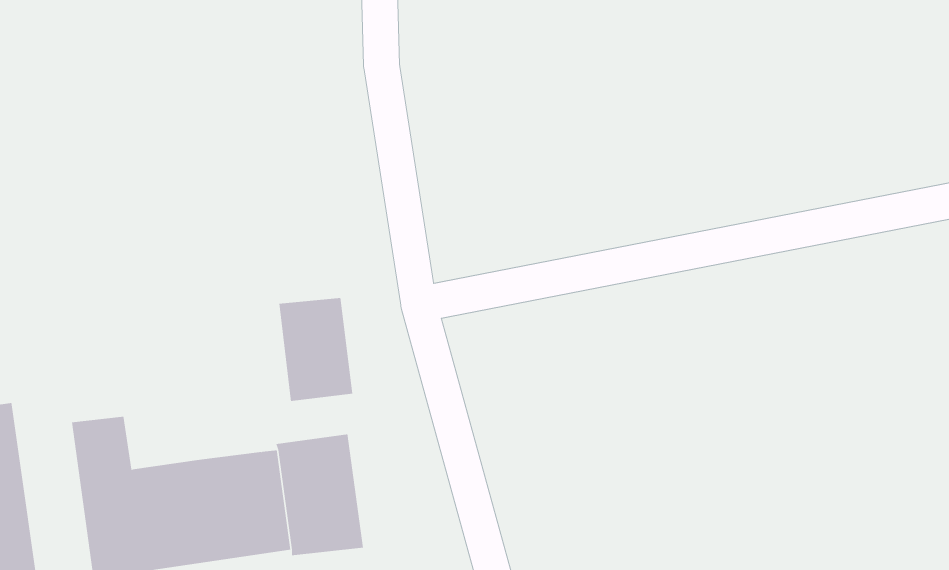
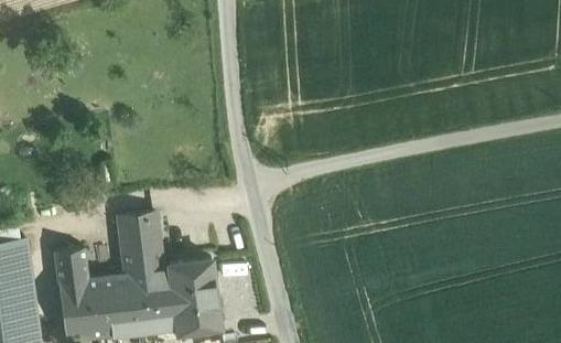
building: [278,297,353,402] -> [119,215,161,274]

